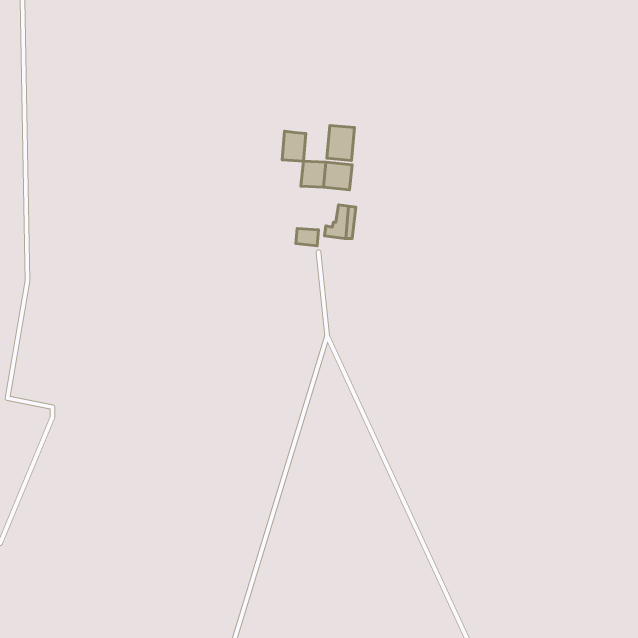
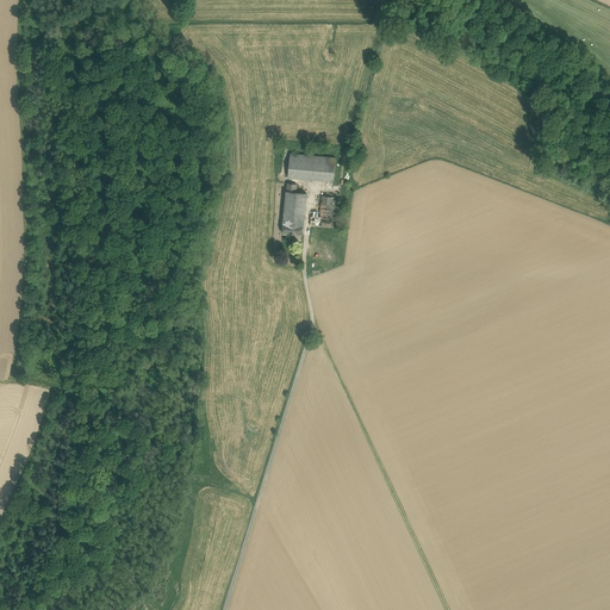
building: [327,125,355,160] -> none
building: [282,131,306,161] -> [284,191,306,219]

